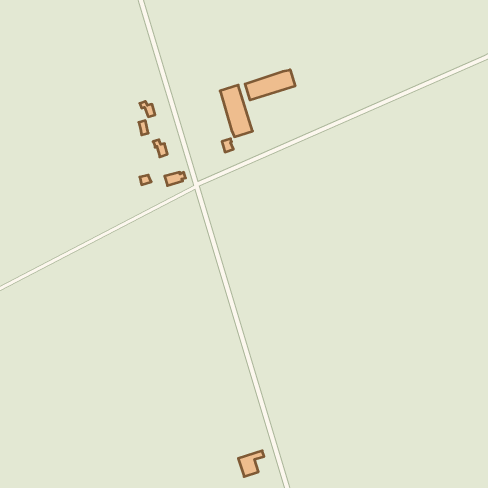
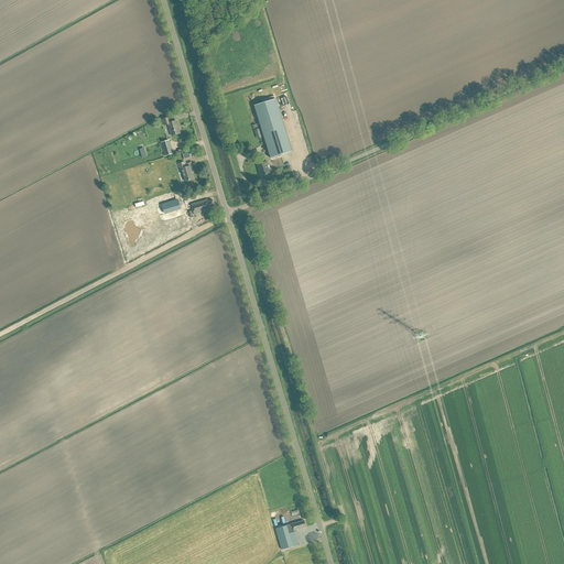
building: [245,70,295,100] -> none

